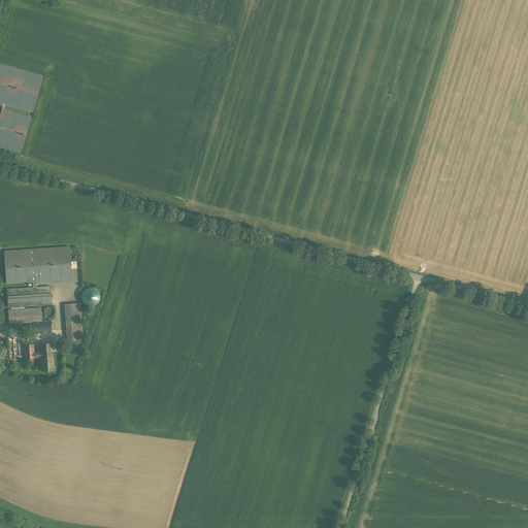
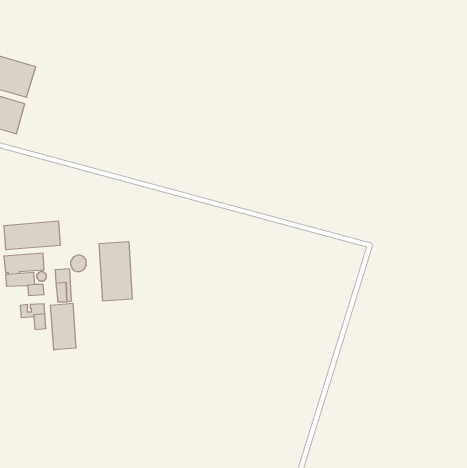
building: none -> [99,242,132,301]
building: none -> [51,303,76,350]

